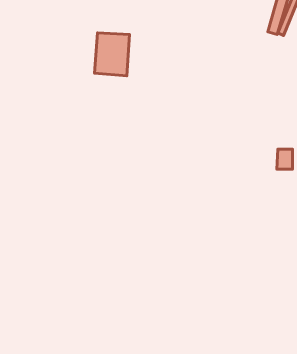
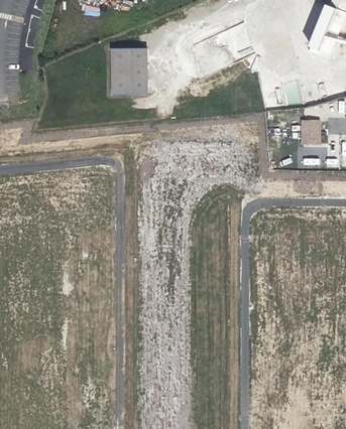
building: [277,149,292,169] -> [301,122,318,144]

